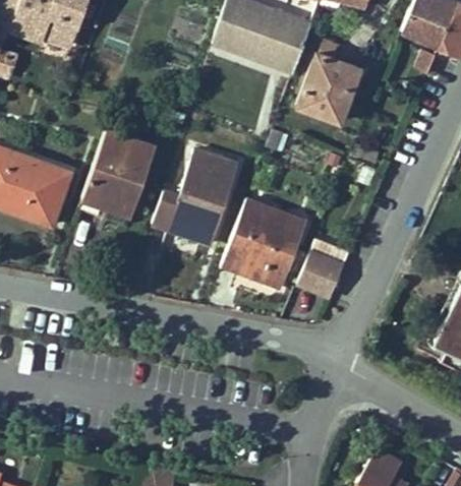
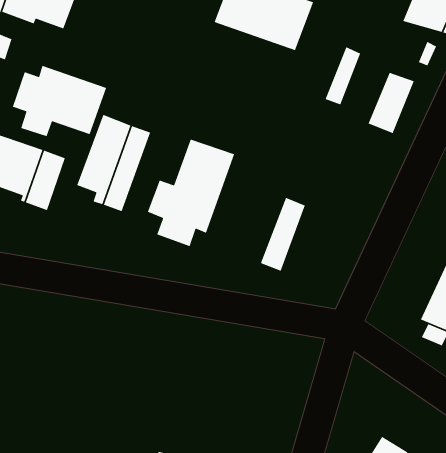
building: [300,54,347,116] -> [368,72,415,134]
building: none -> [12,65,107,137]
building: [227,199,287,279] -> none
building: [299,253,348,303] -> none

